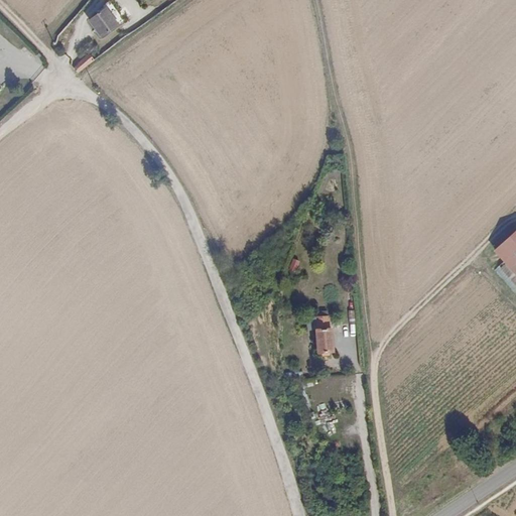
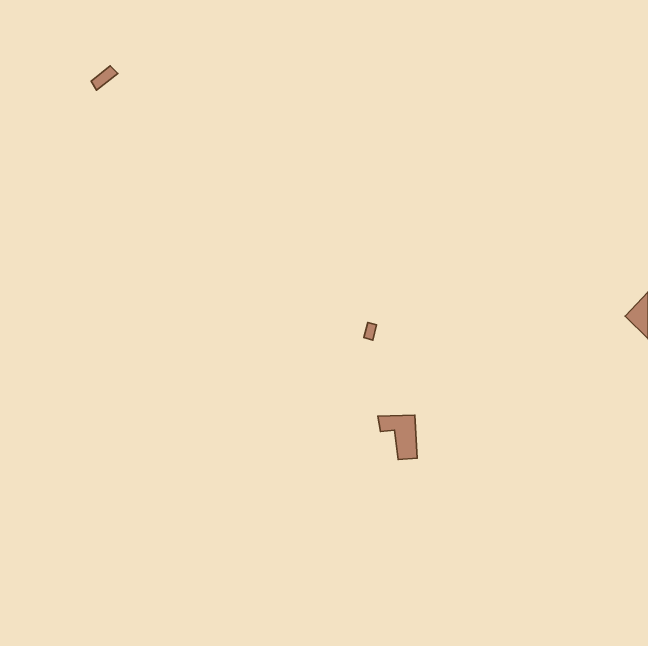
building: [87,4,120,36] -> none

